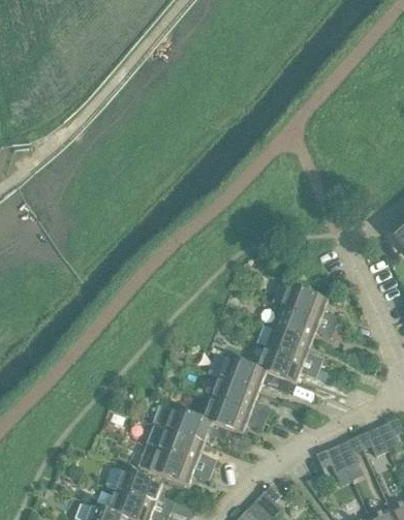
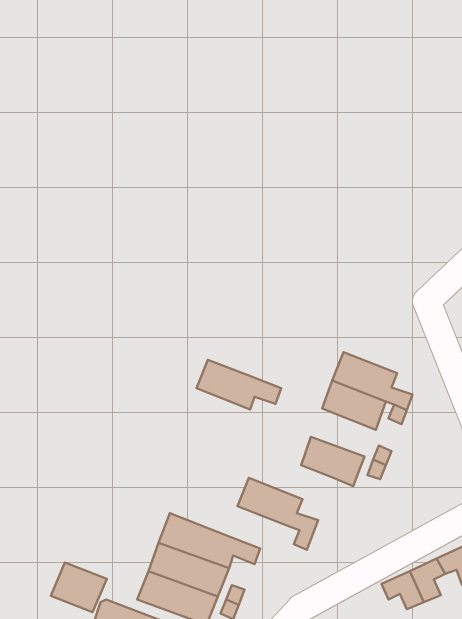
building: [265,327,312,362] -> none
building: [219,357,281,393] -> [197,360,281,409]
building: [204,398,250,434] -> none
building: none -> [51,562,107,612]

